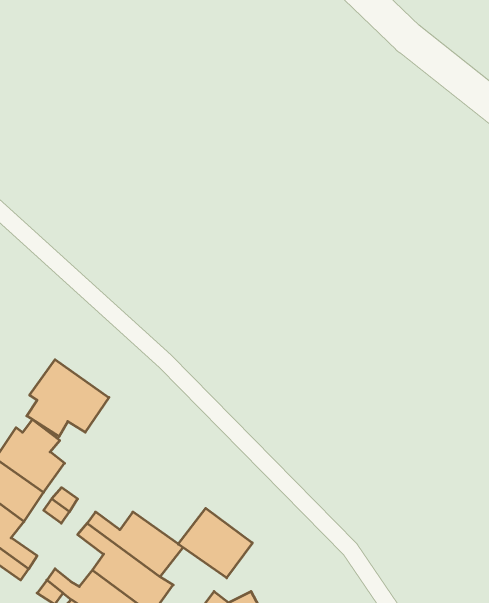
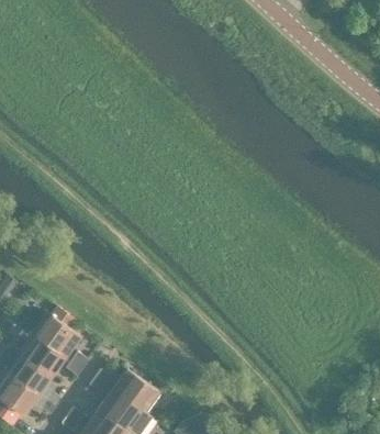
building: [27,360,109,437] -> none
building: [178,508,252,578] -> none

